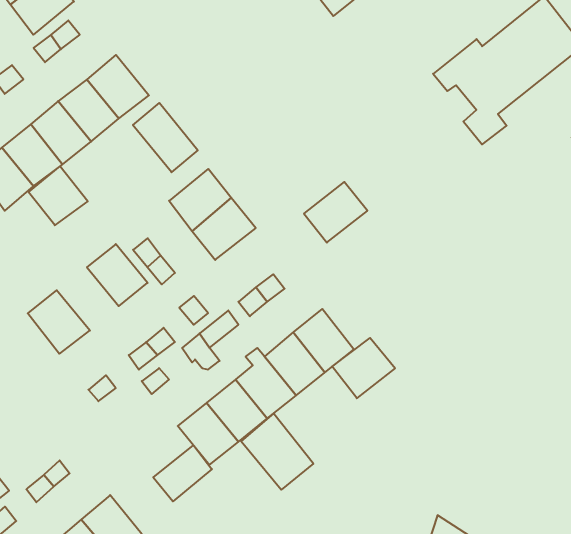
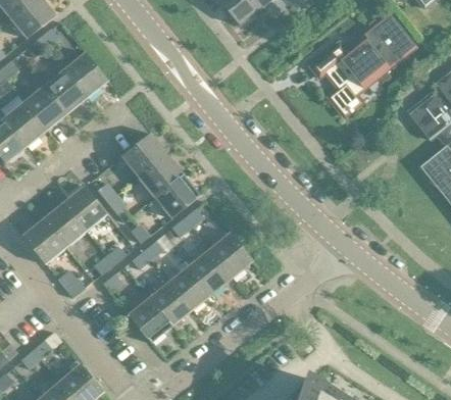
building: [133,103,198,172] -> none
building: [29,166,88,225] -> none
building: [304,182,367,243] -> [155,176,200,218]
building: none -> [43,203,87,248]
building: [332,338,395,398] -> none
building: [241,413,313,490] -> none
building: [153,445,212,501] -> none

